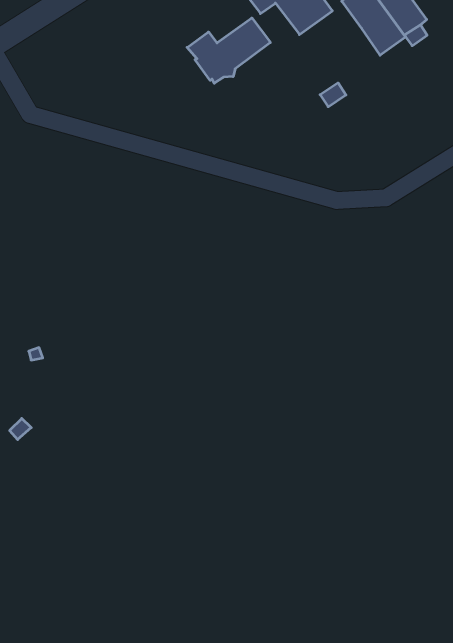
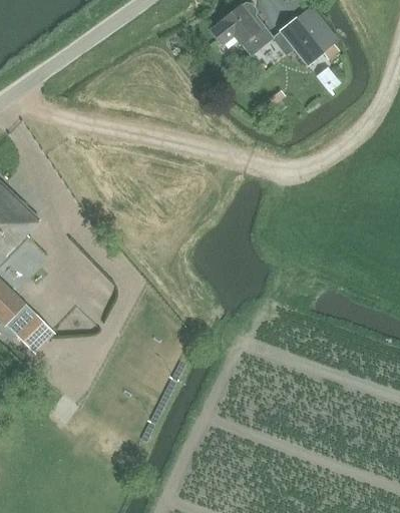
building: [187,18,270,83] -> none

